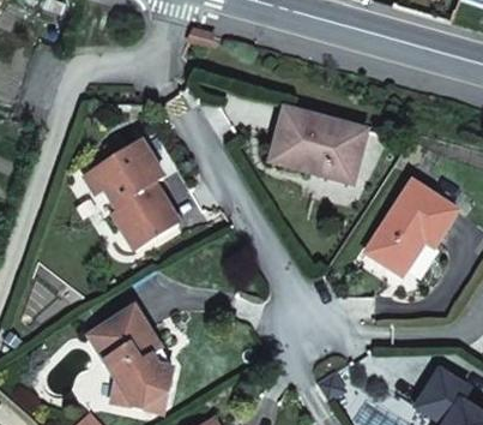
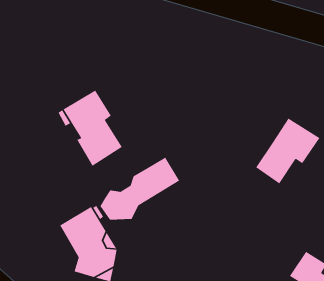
building: [271,107,368,182] -> none
building: none -> [99,156,180,220]

